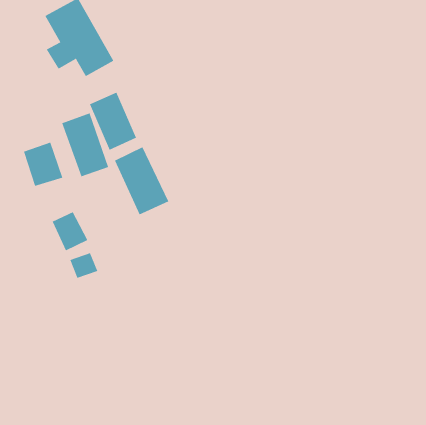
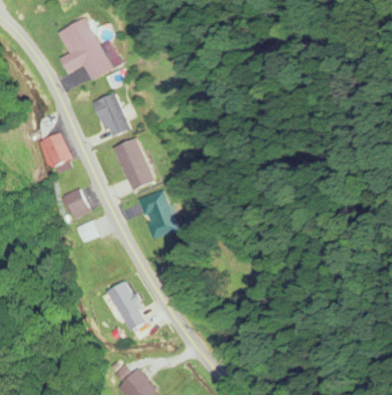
building: [61,113,109,177] -> none
building: none -> [140,189,181,235]
building: none -> [107,279,149,330]

